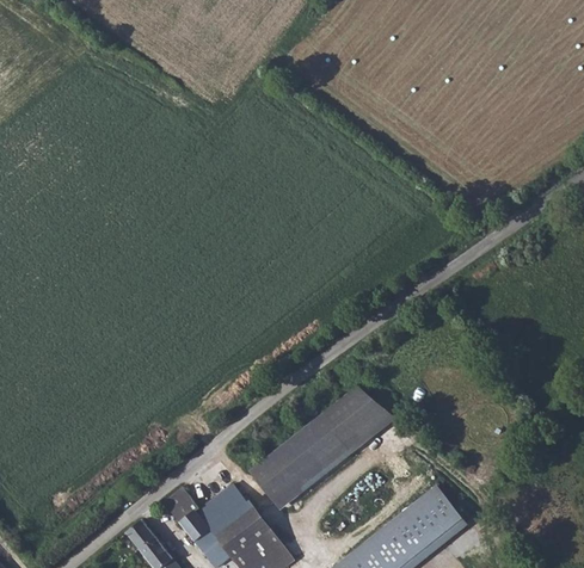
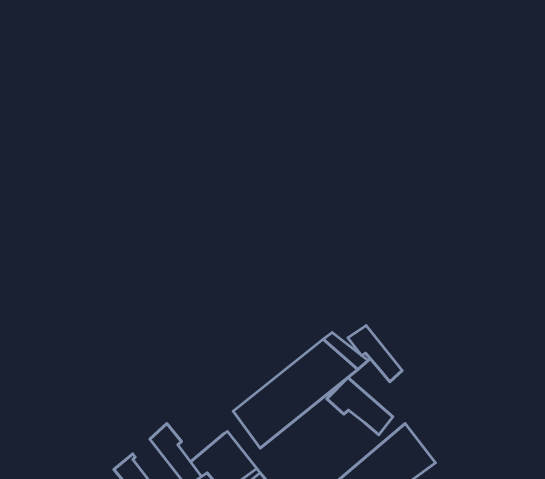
building: none -> [348,326,402,382]
building: none -> [327,378,393,435]
building: [192,477,241,525] -> none

